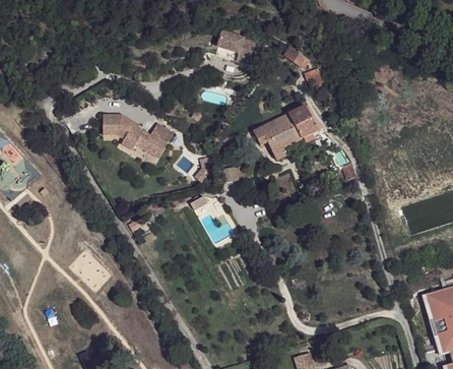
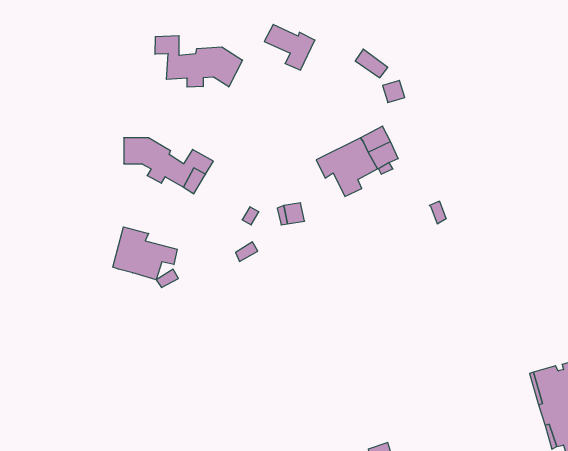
building: none -> [155,36,243,87]
building: none -> [113,227,177,280]

